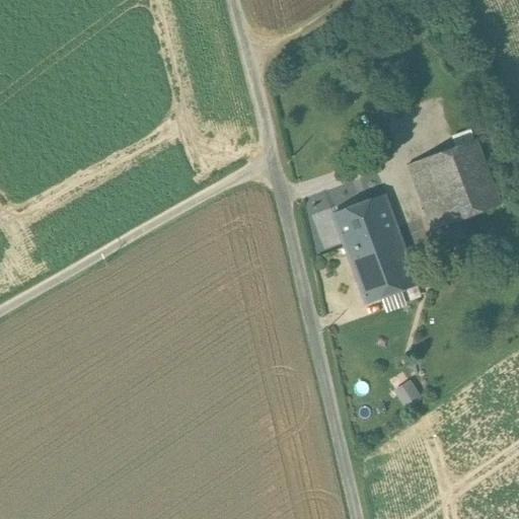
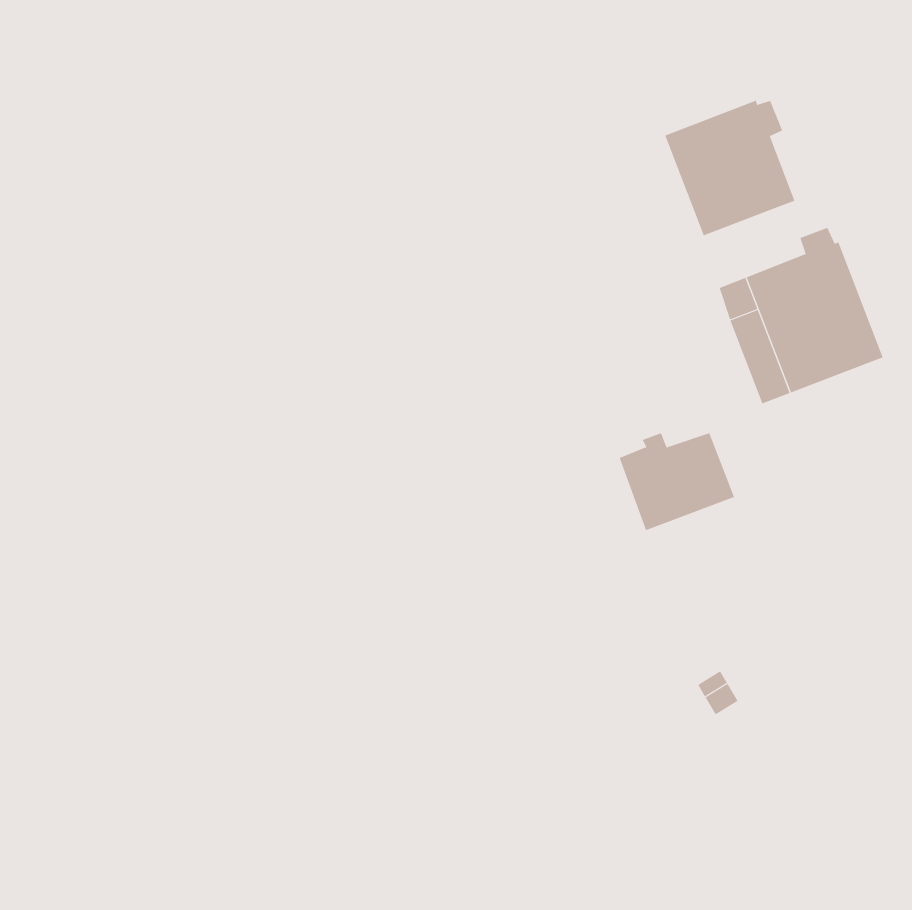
building: none -> [665,100,795,236]
building: [333,196,402,260] -> none

